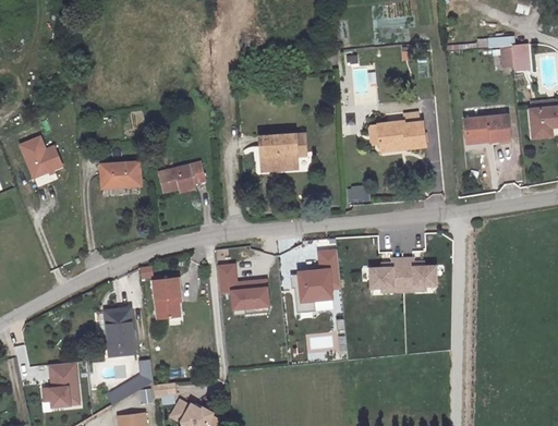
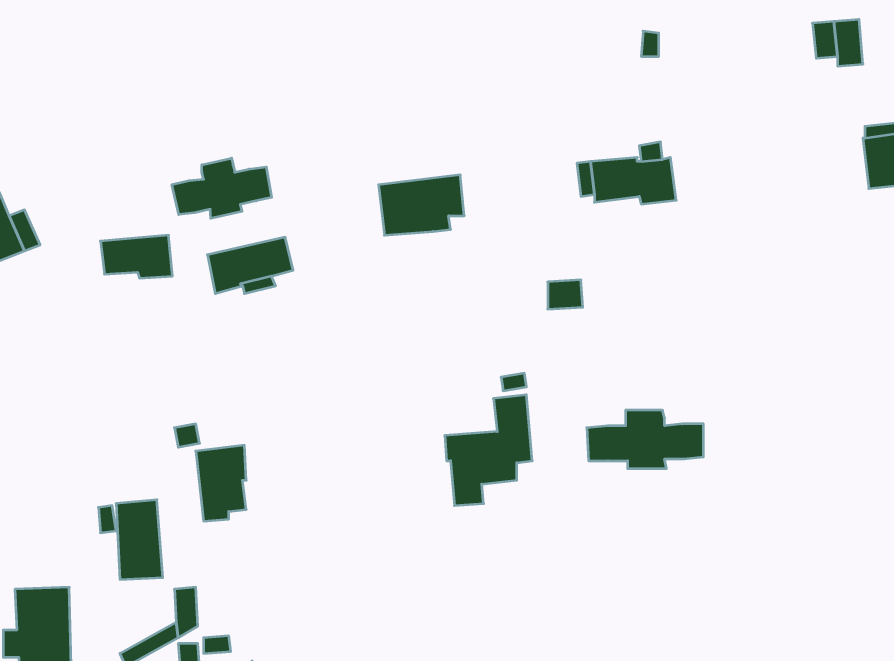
building: [461,112,506,138] -> none
building: none -> [172,158,272,218]
building: [220,265,271,316] -> none

